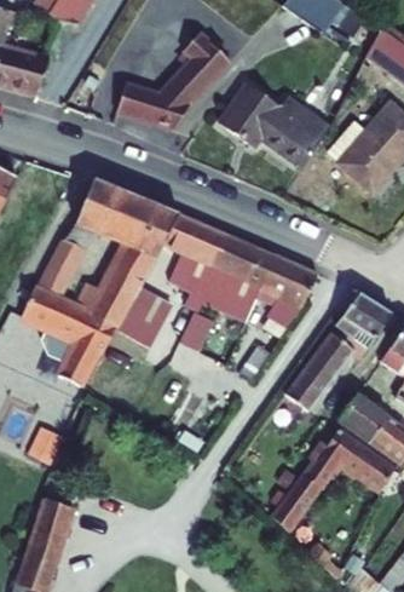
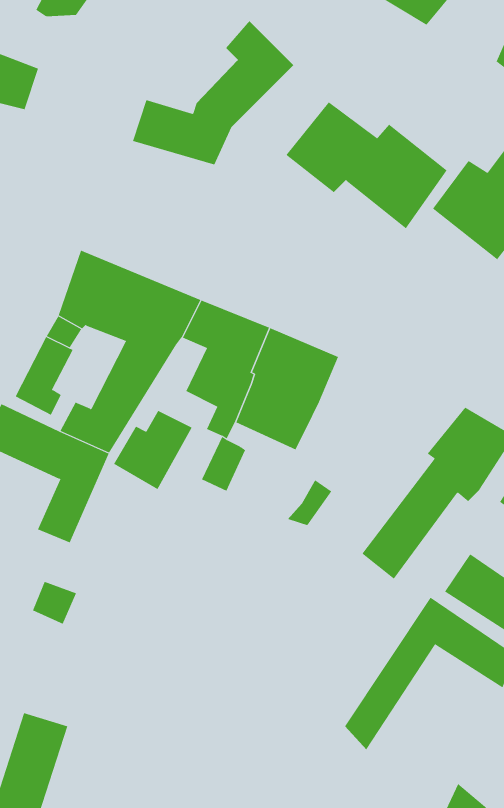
building: [249,258,310,338] -> none

